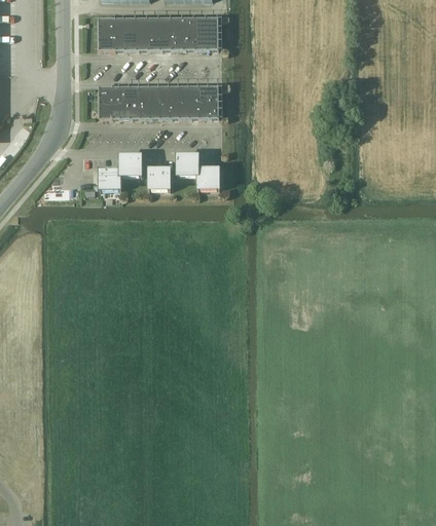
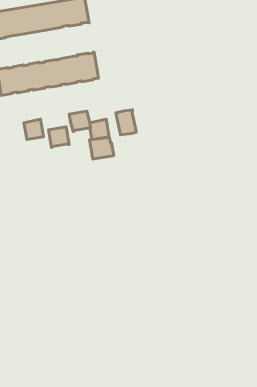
building: none -> [116,110,136,135]
building: [100,168,121,190] -> none
building: none -> [90,137,114,159]

